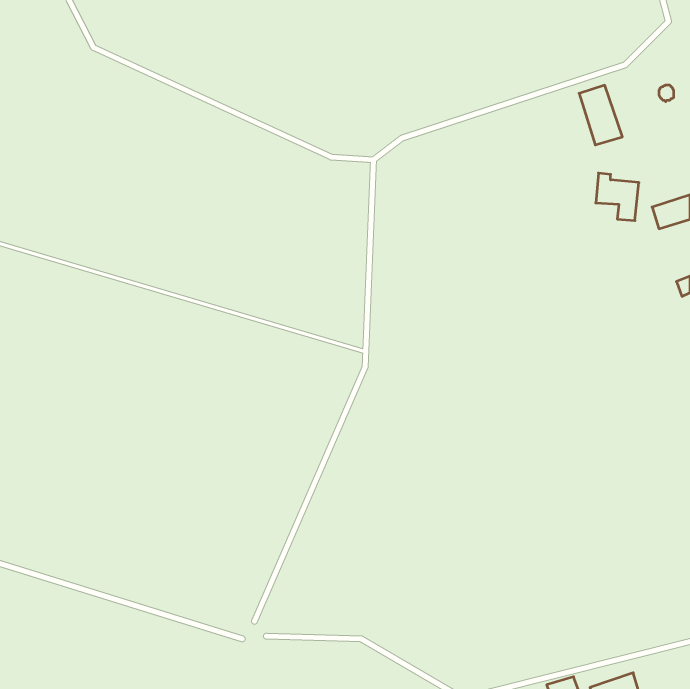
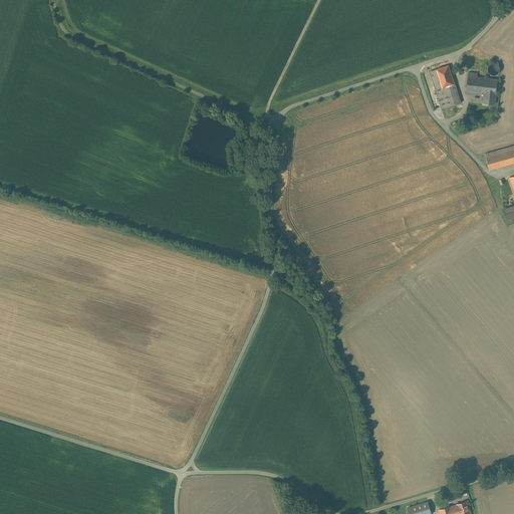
building: [596,173,639,221] -> [467,72,499,107]

